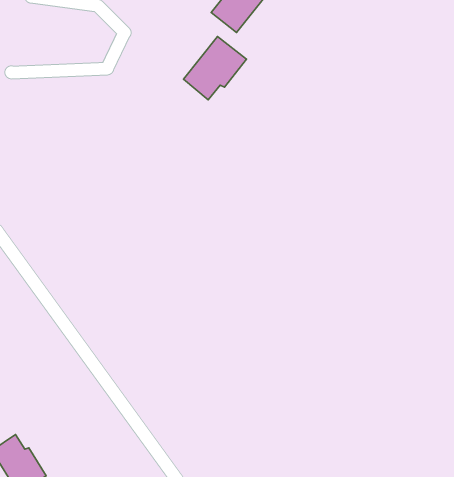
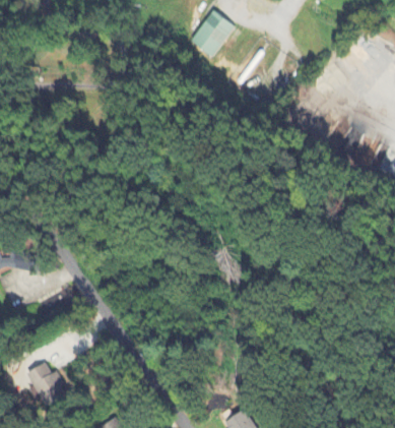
building: [184,36,246,100] -> none

